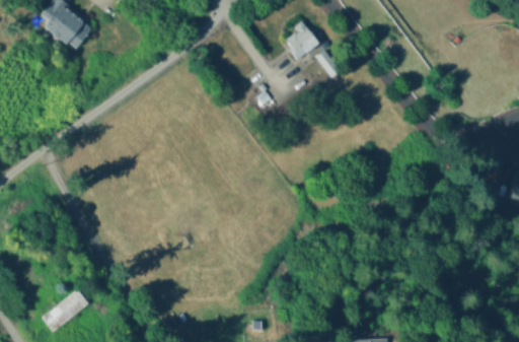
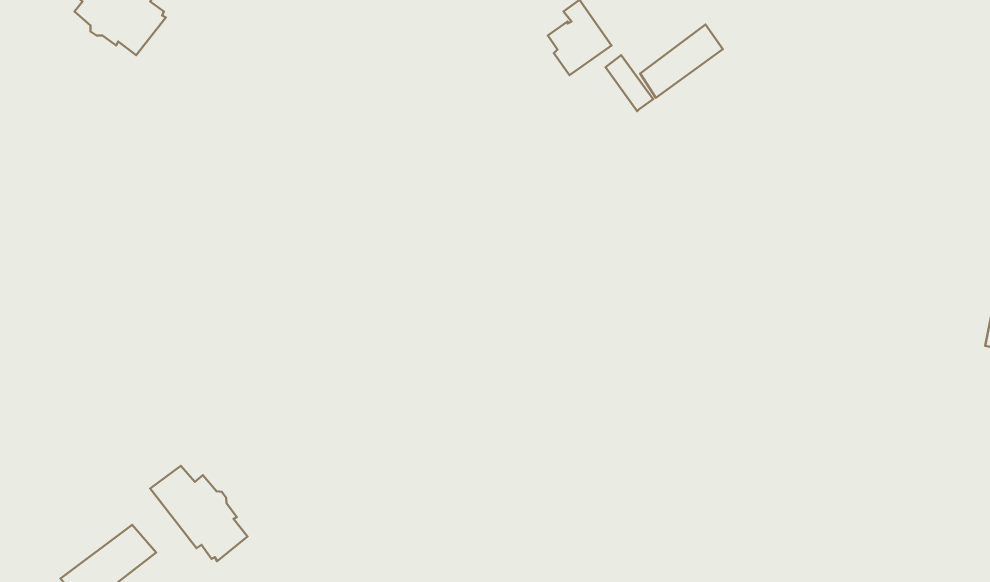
building: none -> [640,25,723,98]
building: none -> [150,466,248,561]

